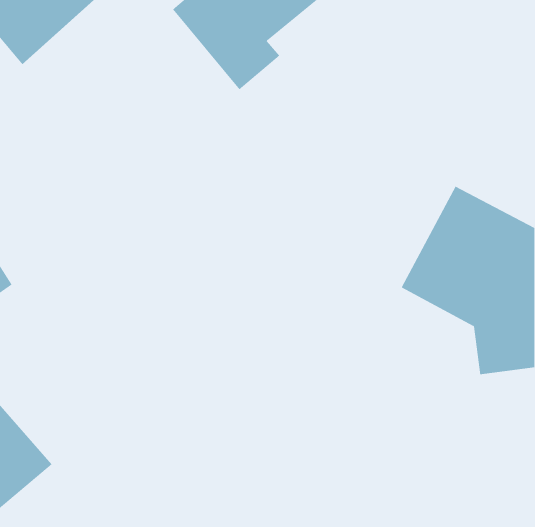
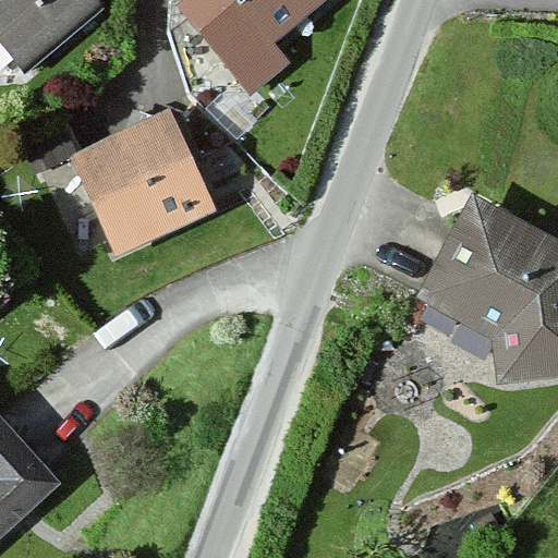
building: none -> [71,110,218,259]

